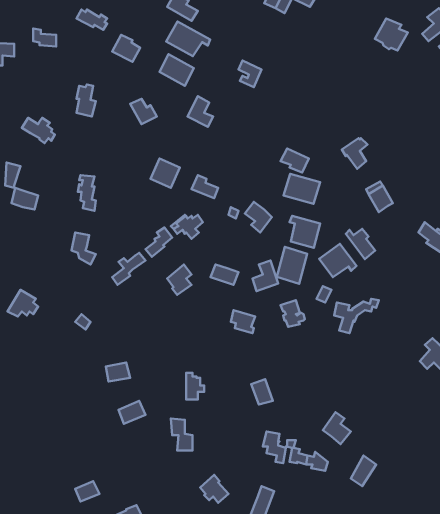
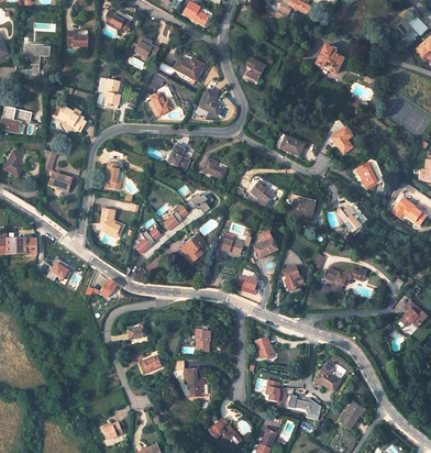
building: [375,19,408,50] -> [314,45,343,73]
building: [166,22,210,56] -> none
building: [283,174,320,204] -> none
building: [319,244,356,277] -> none
building: [277,247,307,284] -> none

